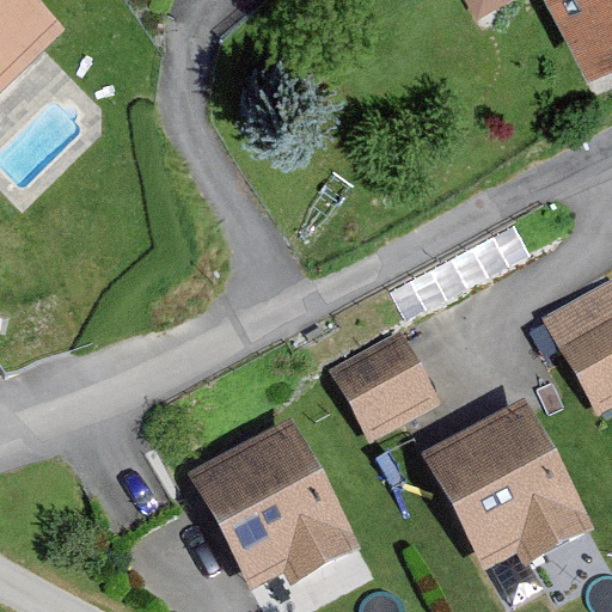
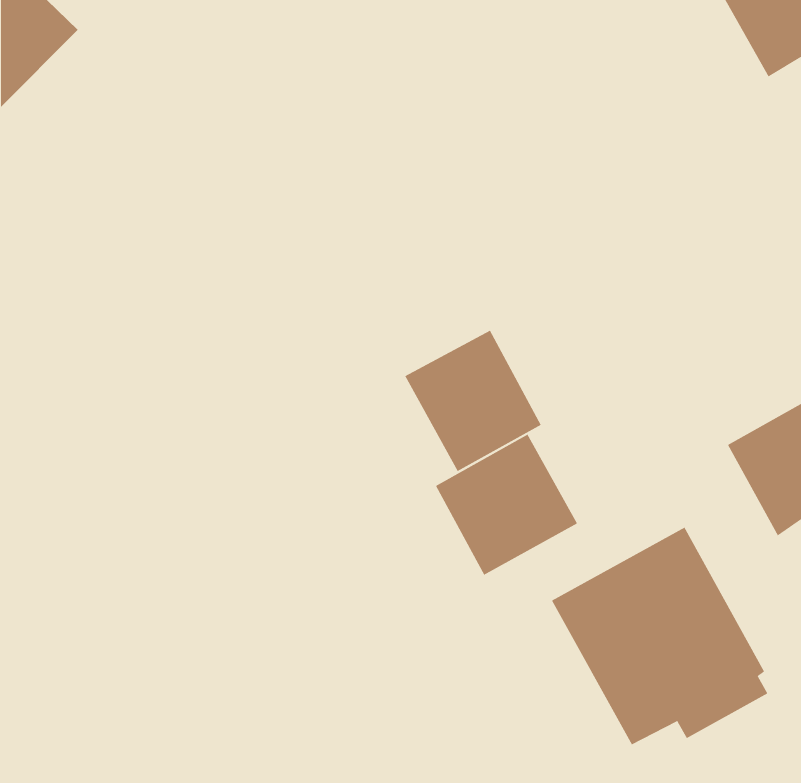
building: none -> [405,330,542,472]
building: [186,418,351,585] -> none

